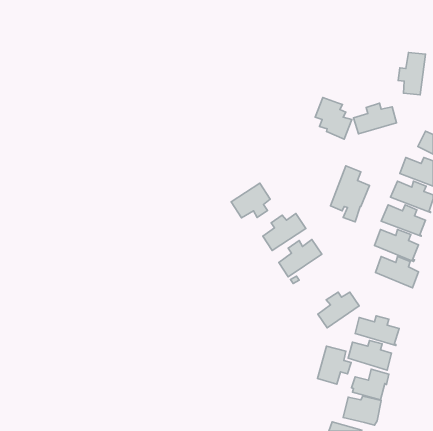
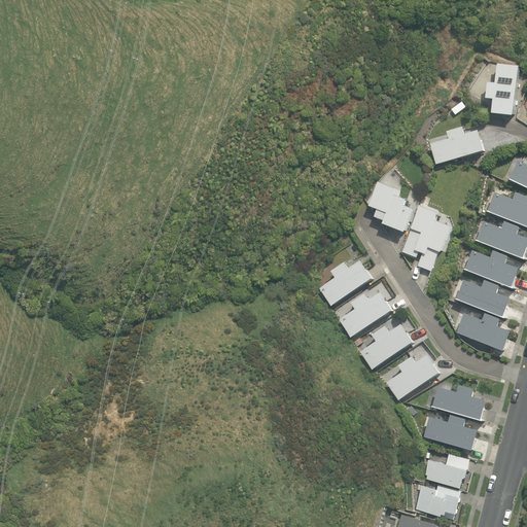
building: [315,98,352,139] -> [367,181,412,232]
building: [231,183,270,218] -> none
building: none -> [359,323,412,368]
building: [318,346,351,384] -> none

